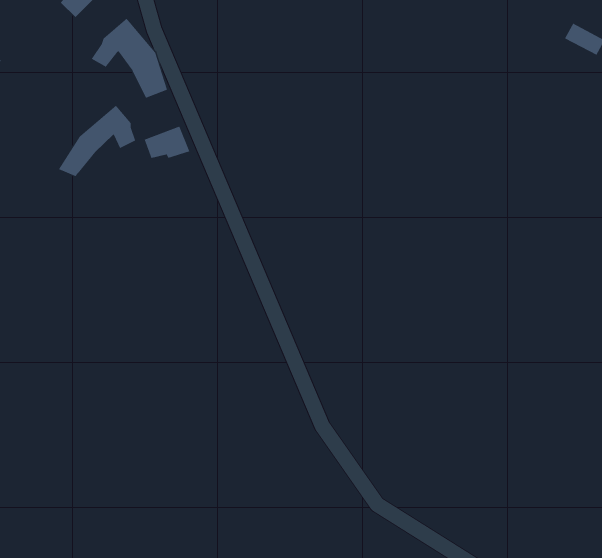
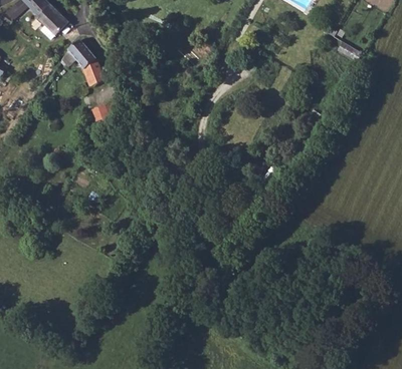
building: [58,105,136,177] -> none

